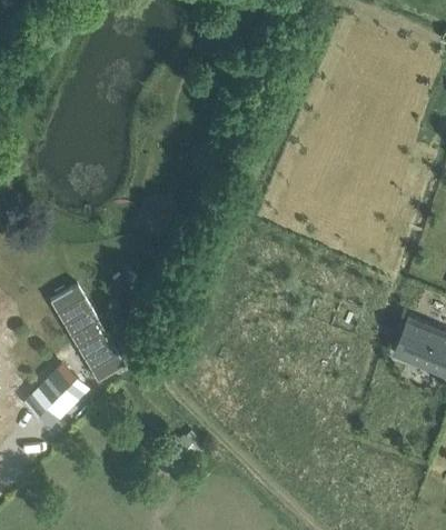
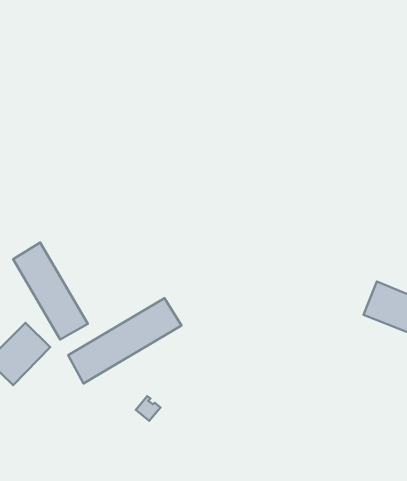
building: none -> [68,298,182,383]

